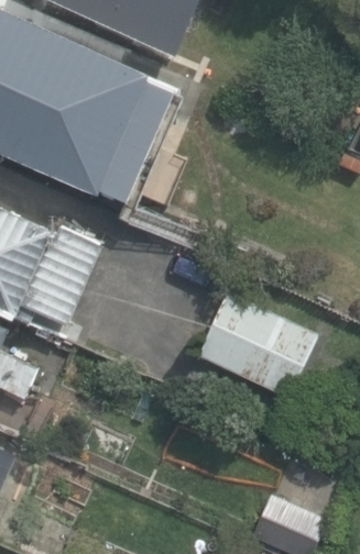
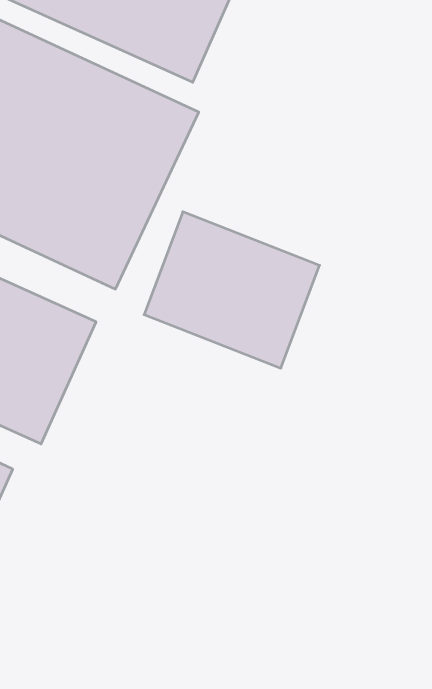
building: [188,285,318,400] -> [144,212,320,368]

